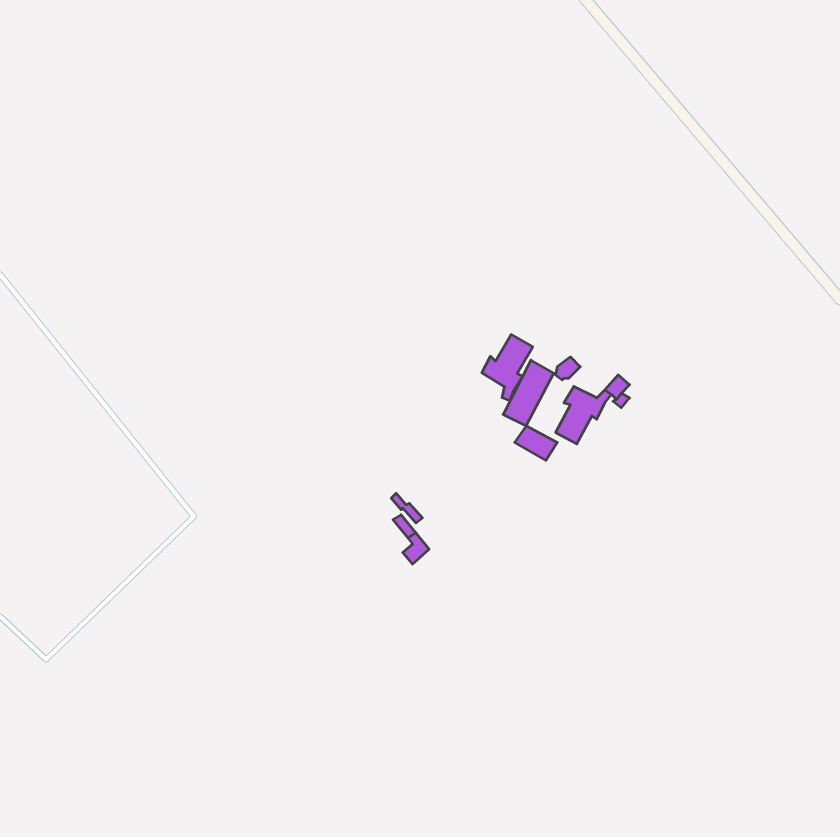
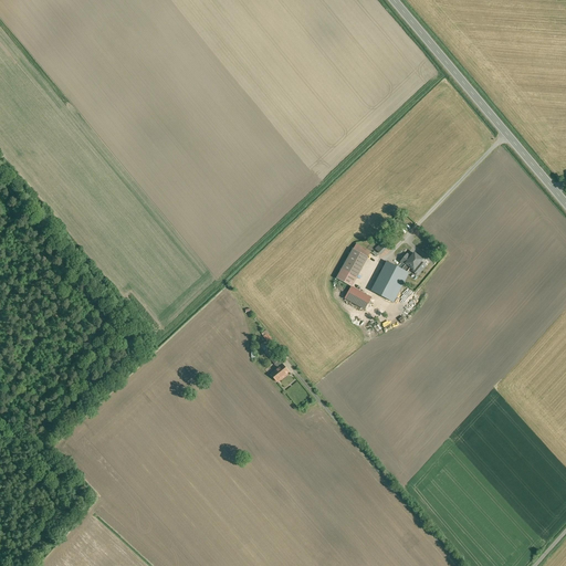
building: [482,335,533,401] -> none

